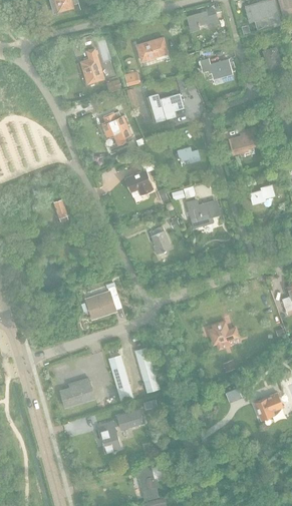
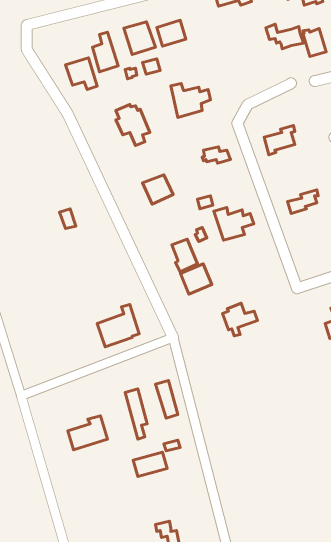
building: none -> [124,22,155,54]
building: [200,58,232,79] -> [266,24,303,49]
building: none -> [65,58,97,89]
building: none -> [180,264,212,294]
building: [208,321,238,349] -> [223,303,258,336]
building: [254,392,282,419] -> none
building: [99,420,121,452] -> none

